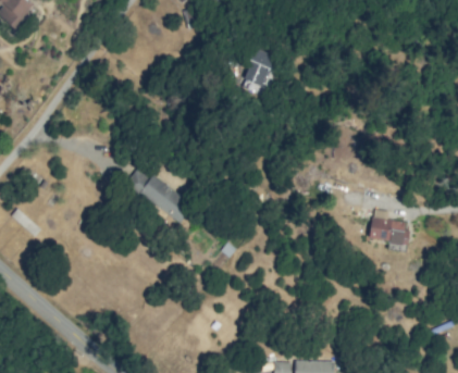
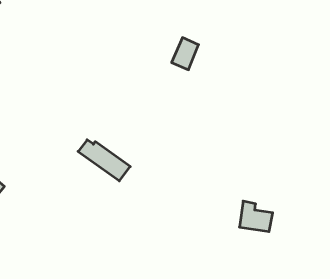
building: [369,208,409,245] -> [239,201,273,232]

